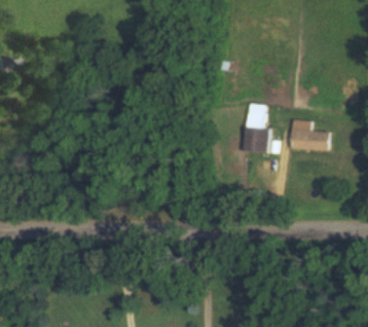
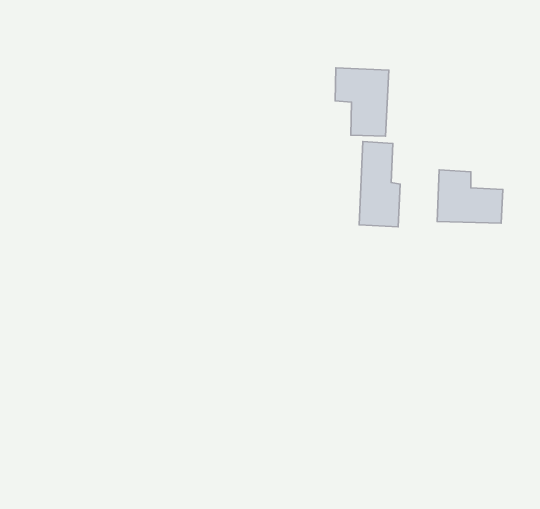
building: none -> [335,68,389,136]

